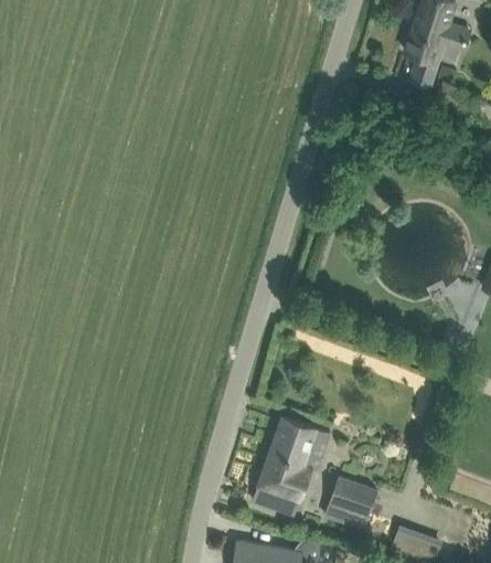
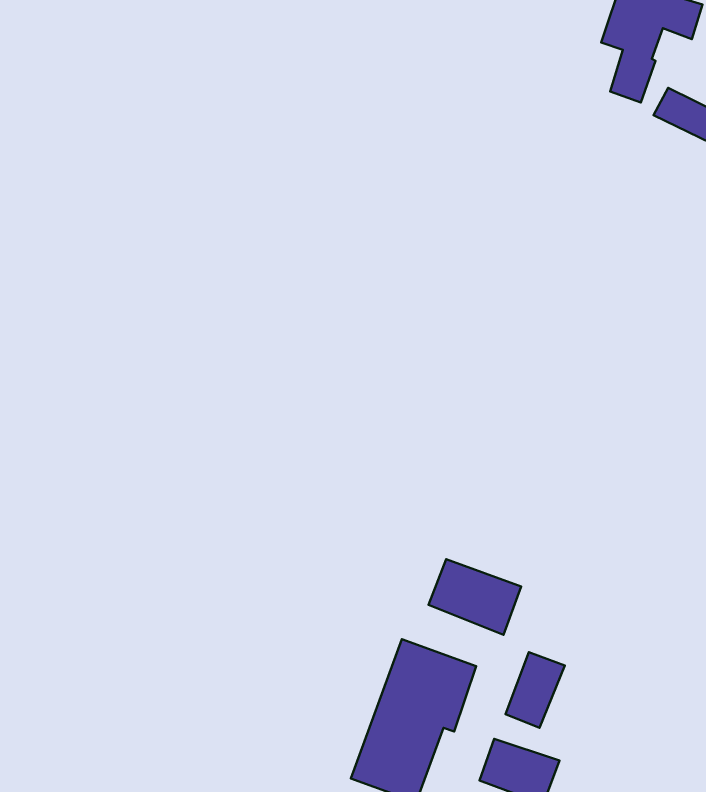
building: none -> [428,559,521,635]
building: none -> [506,652,565,728]

